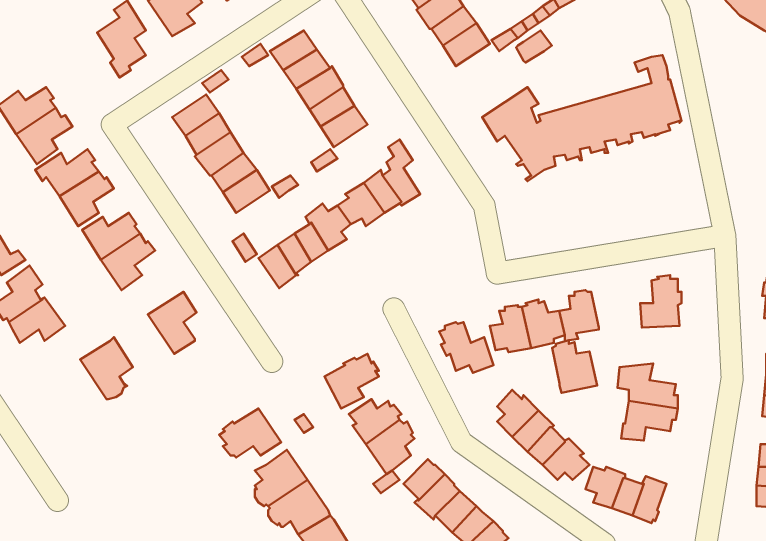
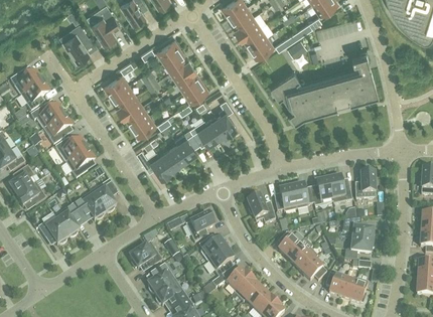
building: none -> [73,192,105,220]
building: [552,340,597,393] -> [328,176,352,204]
building: none -> [38,216,68,246]

